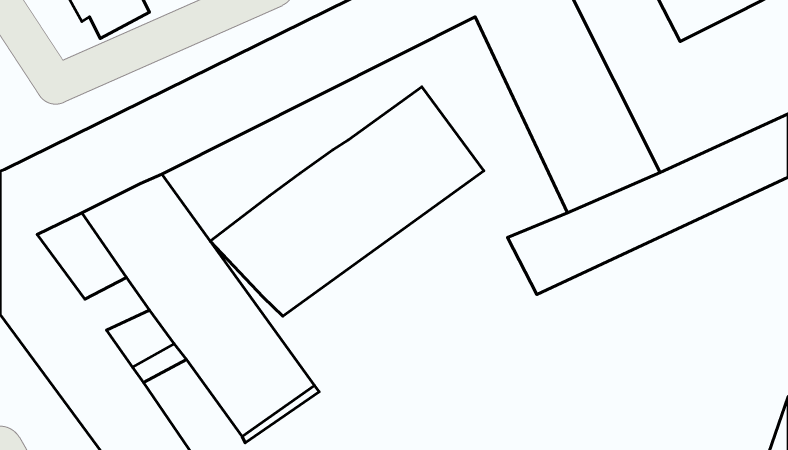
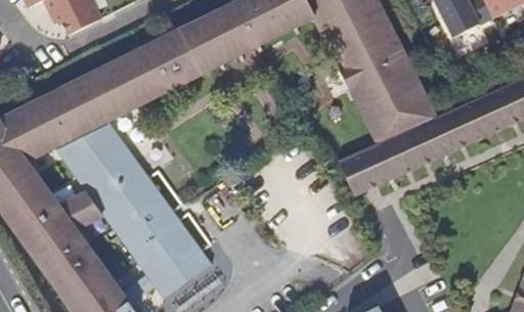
building: [210,87,484,316] -> none

